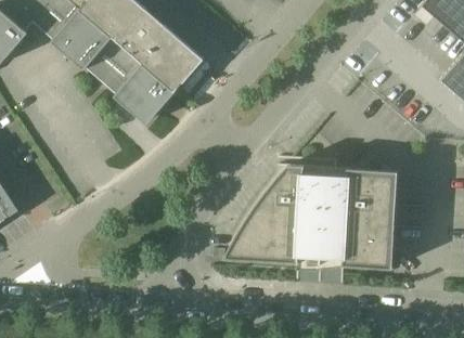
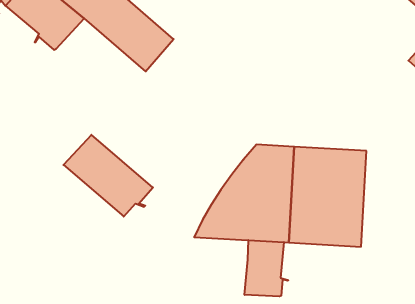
building: [86,37,176,119] -> [63,135,153,217]
building: none -> [245,240,288,296]

